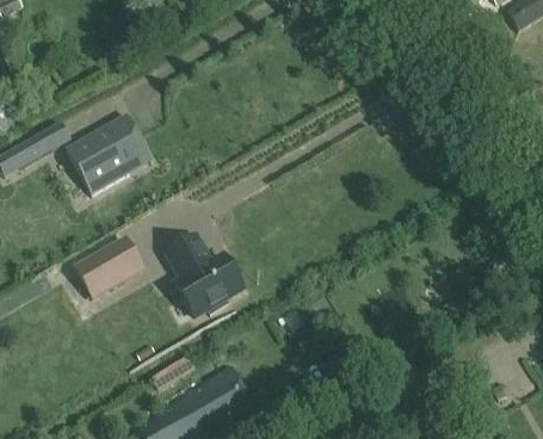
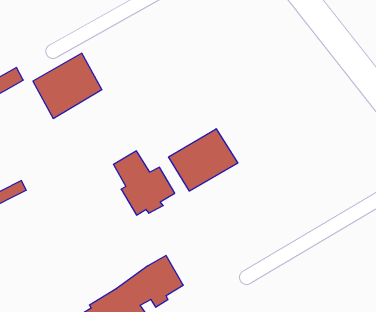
building: none -> [169,129,238,191]
building: [75,236,141,291] -> none

